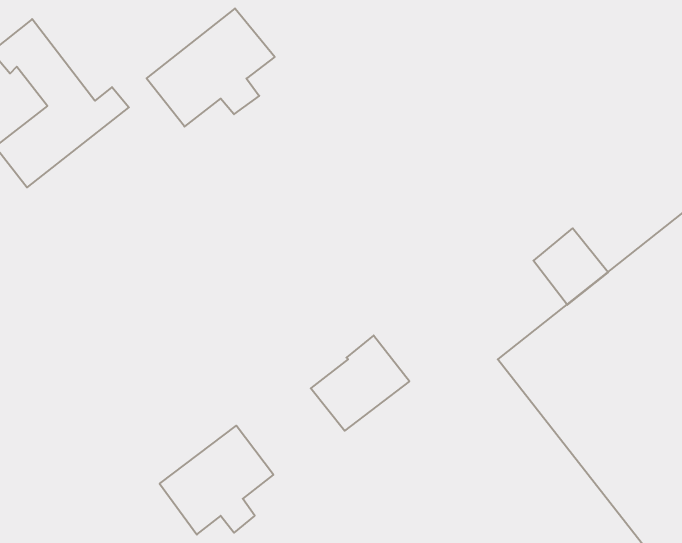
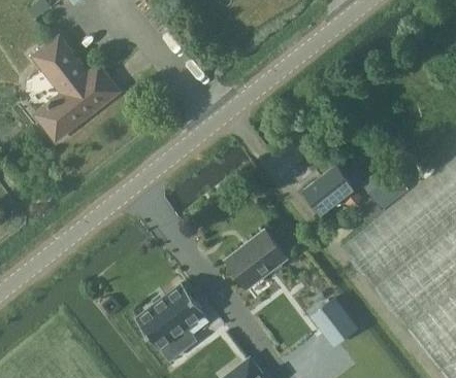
building: [147,8,275,127] -> none
building: none -> [305,166,362,213]
building: none -> [313,300,358,347]

